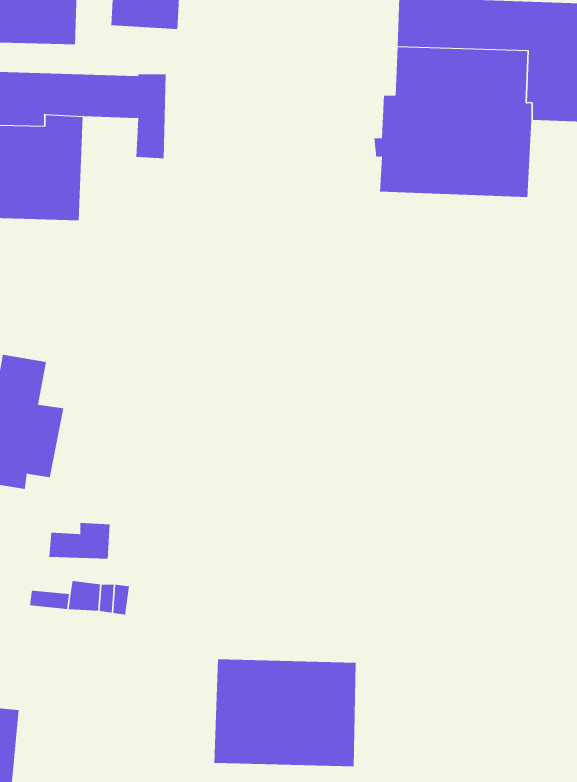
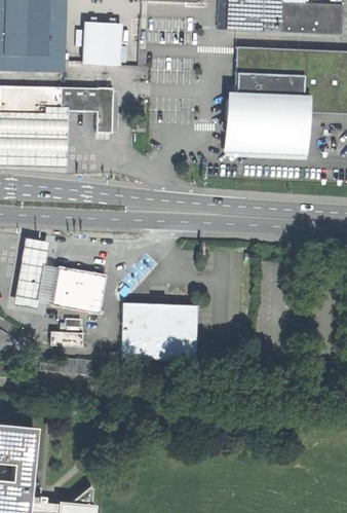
building: none -> [51,265,107,314]
building: [213,659,357,767] -> [121,303,197,361]

